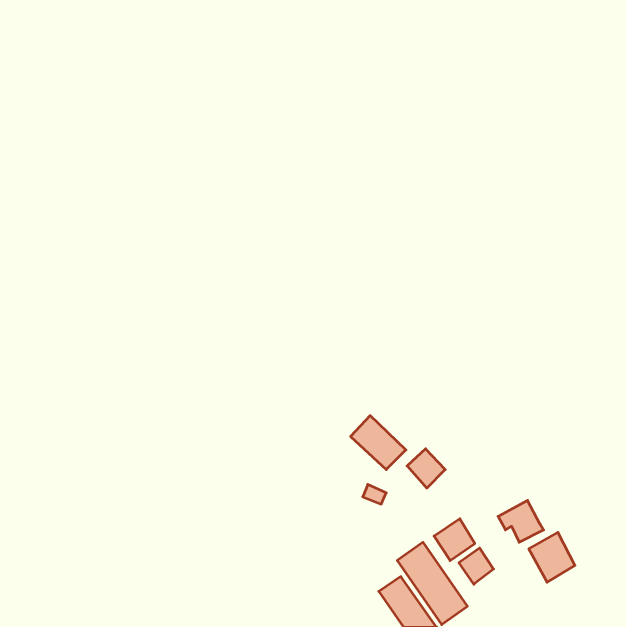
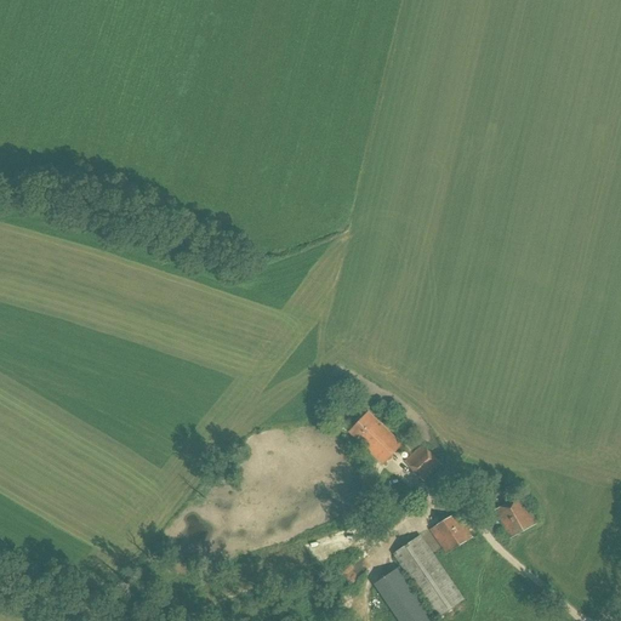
building: [529,532,575,582] -> none
building: [459,548,494,584] -> none

